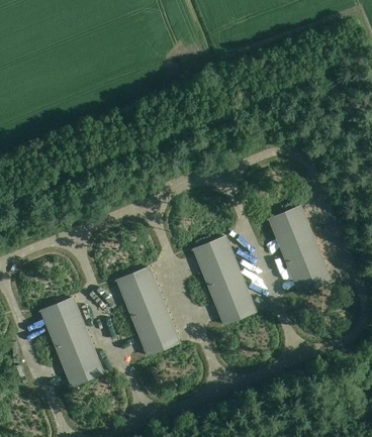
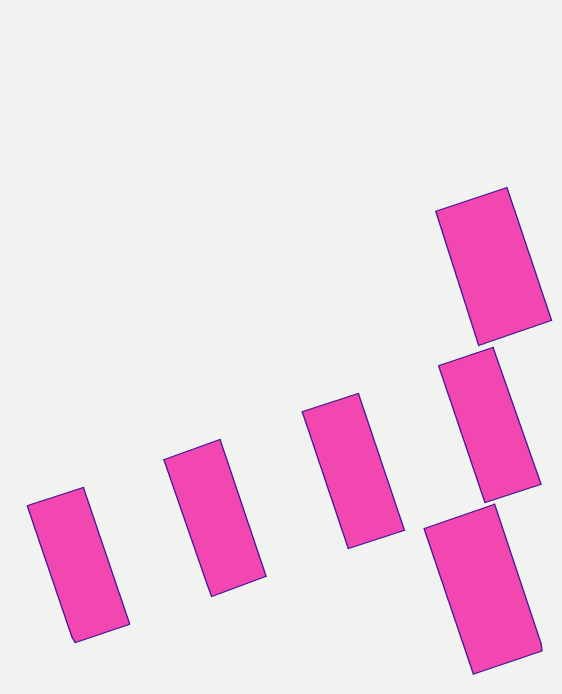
building: none -> [436,187,552,346]
building: none -> [424,504,542,674]

